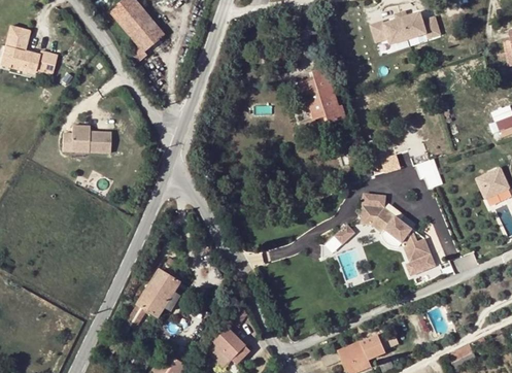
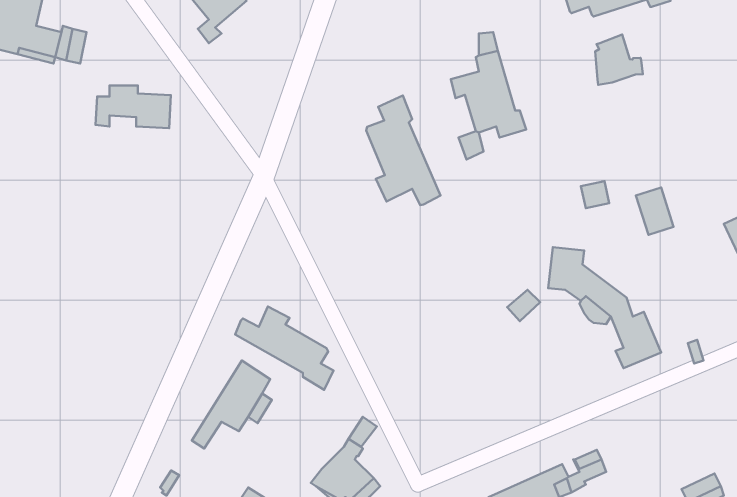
building: none -> [595,35,643,85]
building: none -> [366,95,440,205]
building: [62,124,111,151] -> [96,86,171,128]
building: none -> [235,306,333,390]

